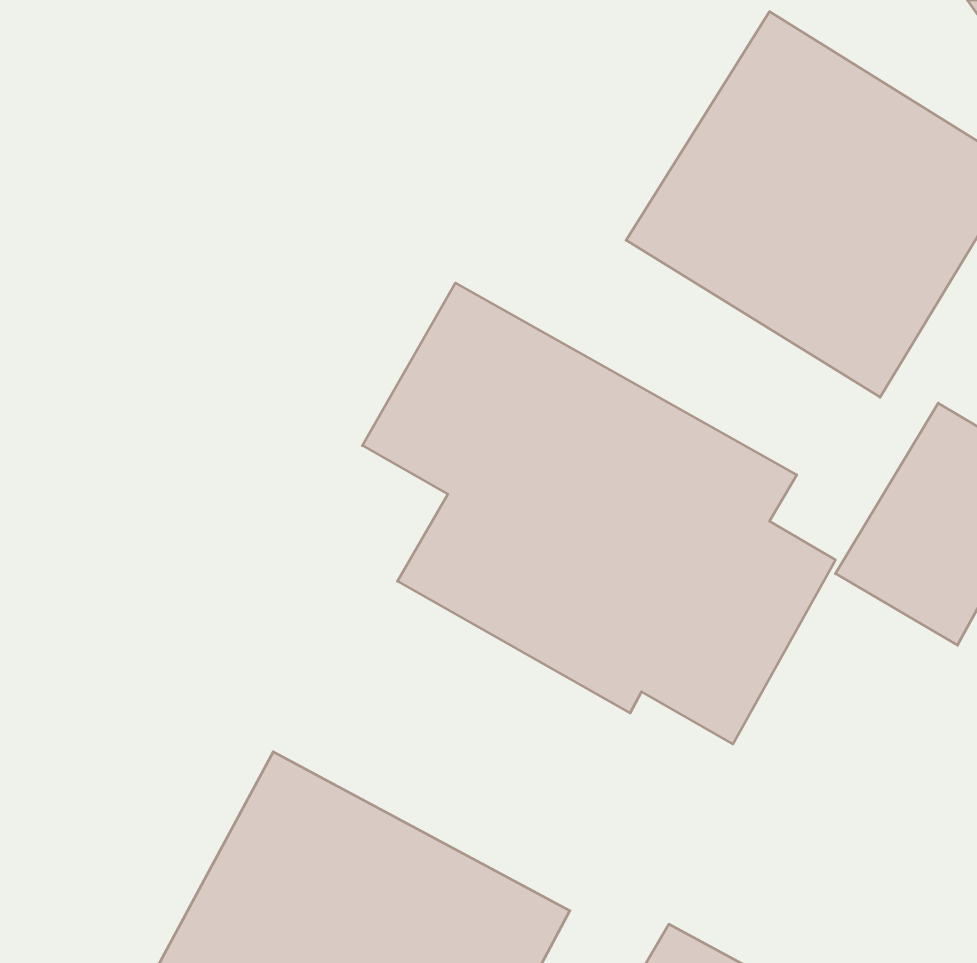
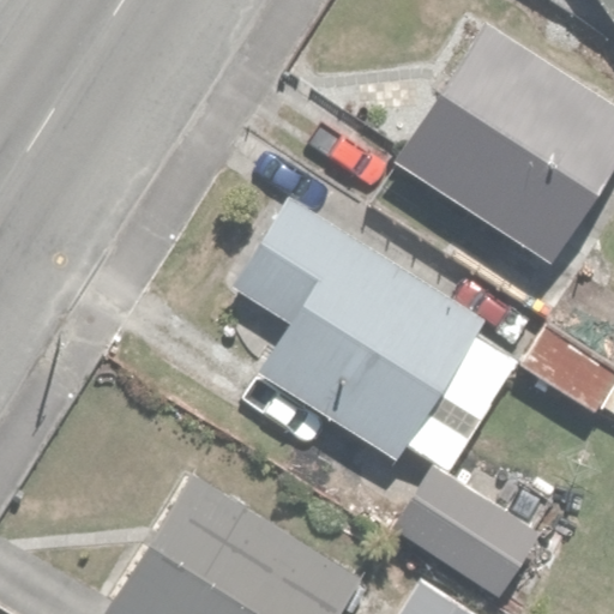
building: none -> [393,465,542,595]

